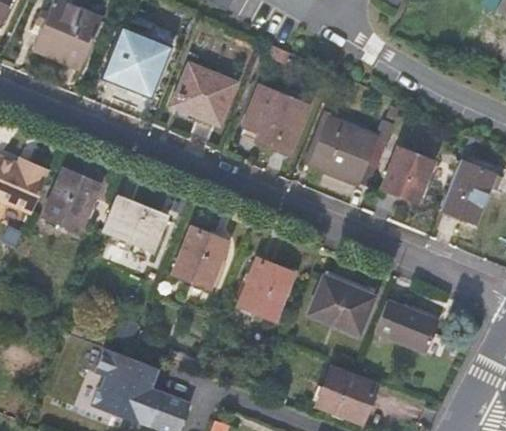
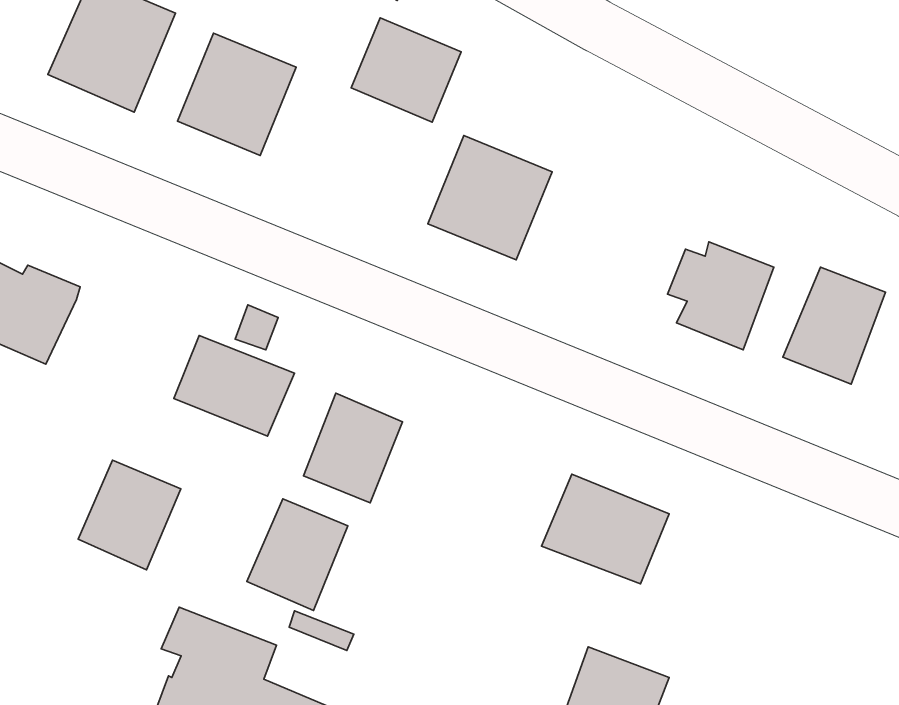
building: [173,65,234,123] -> [351,18,461,122]
building: [303,109,396,189] -> none
building: [43,170,100,231] -> [78,460,181,570]
building: [238,258,294,320] -> [247,499,348,610]
building: [373,298,438,352] -> none

